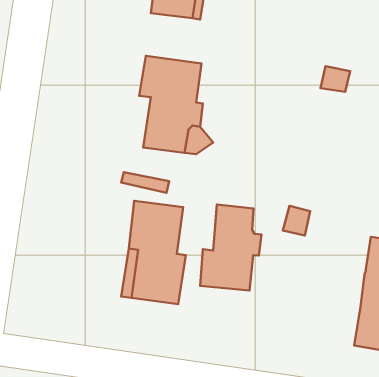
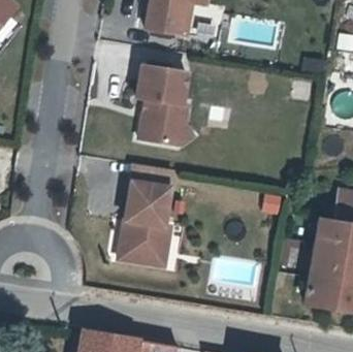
building: [200,205,262,290] -> none

